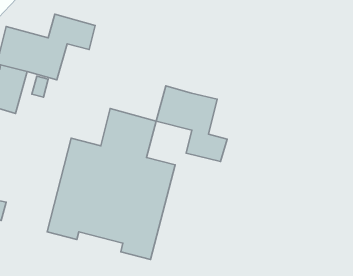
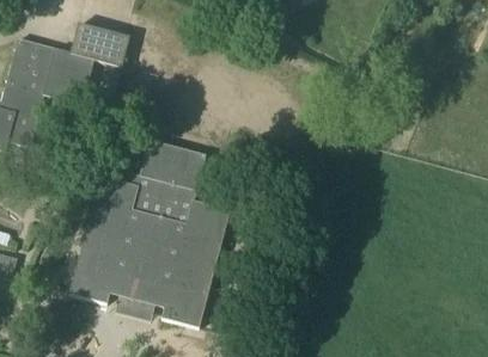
building: [156,86,227,162] -> none

